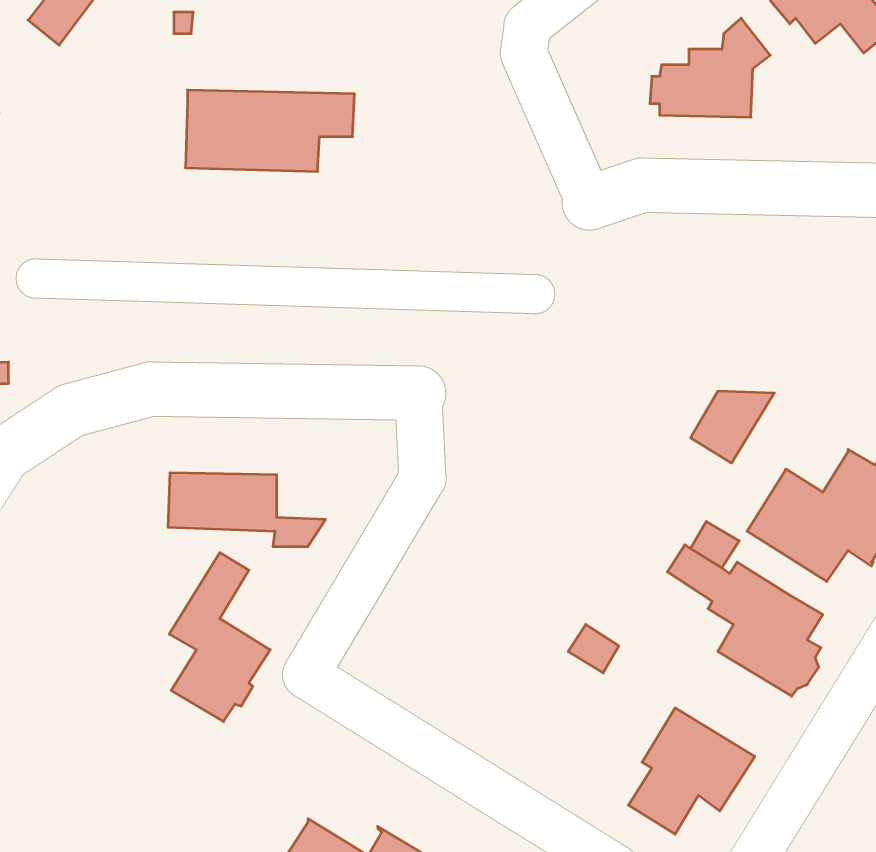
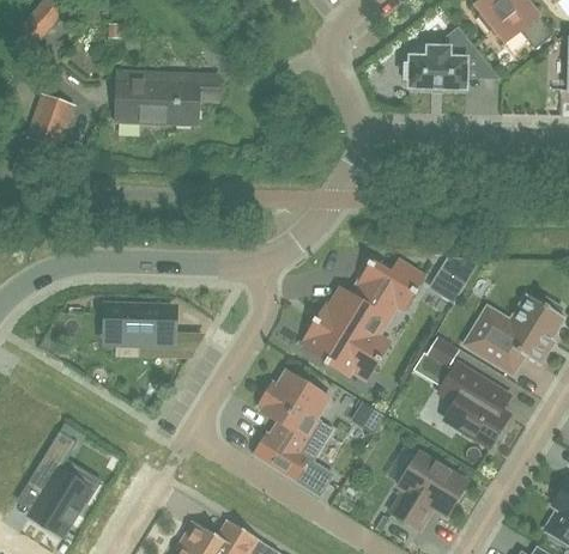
building: none -> [29,95,73,146]
building: none -> [303,261,423,378]
building: [169,553,270,722] -> [28,431,90,535]
building: none -> [254,371,333,494]

